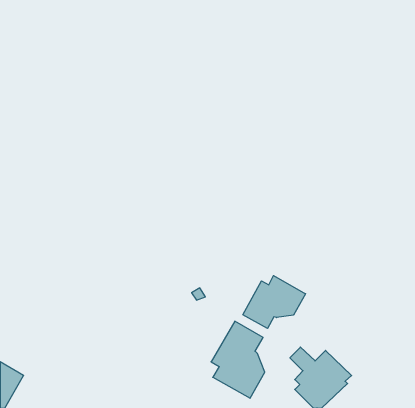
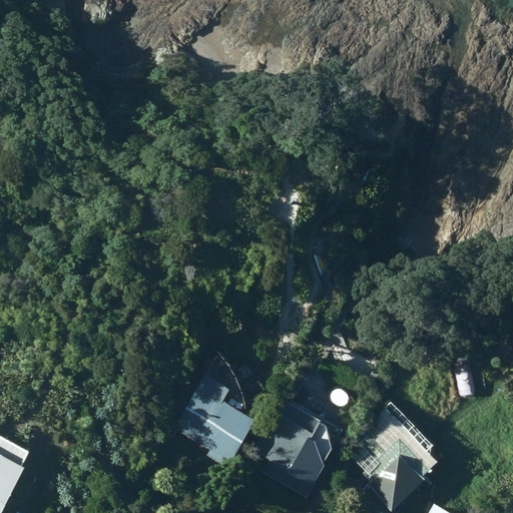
building: [243,276,306,328] -> none
building: none -> [177,373,260,463]

